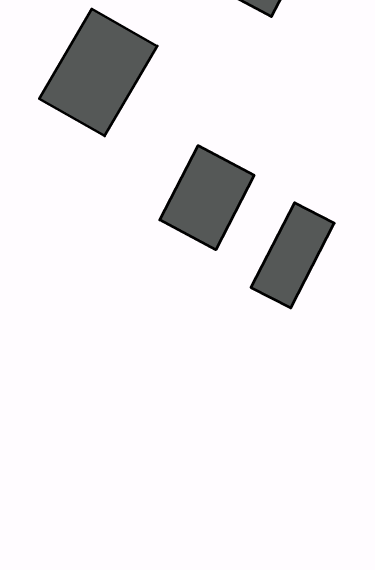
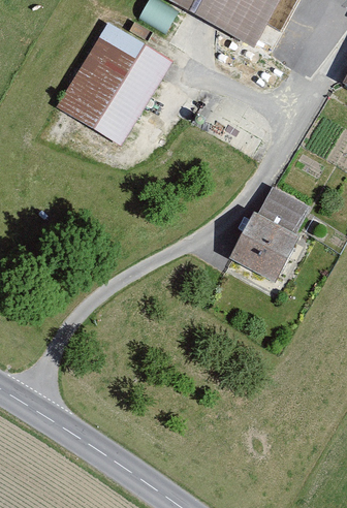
building: [160,146,254,250] -> none

